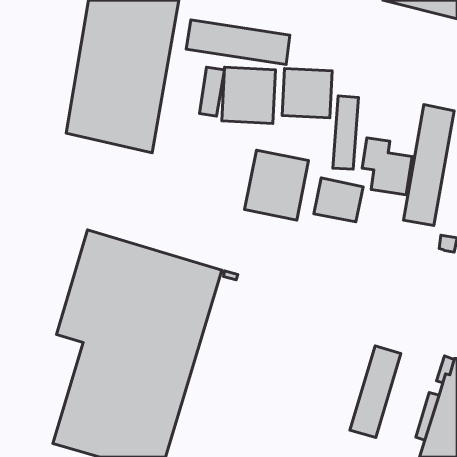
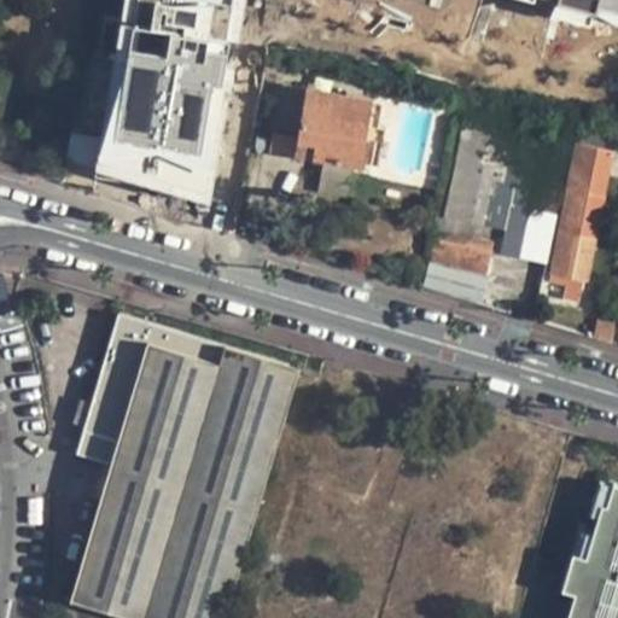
building: [186,20,290,65] -> none
building: [282,68,332,118] -> none
building: [245,150,308,220] -> none
building: [350,346,401,437] -> none

